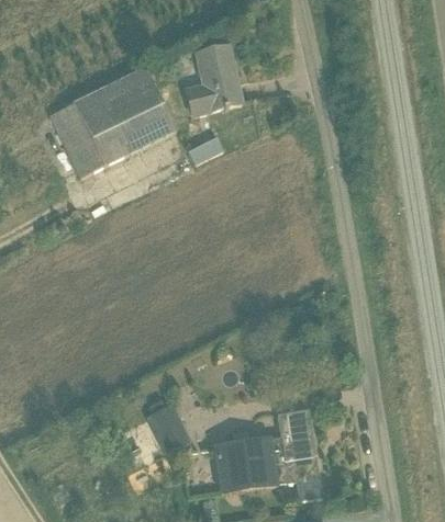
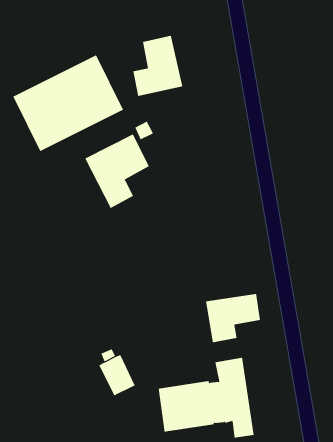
building: none -> [84,134,150,209]
building: none -> [206,293,260,343]

